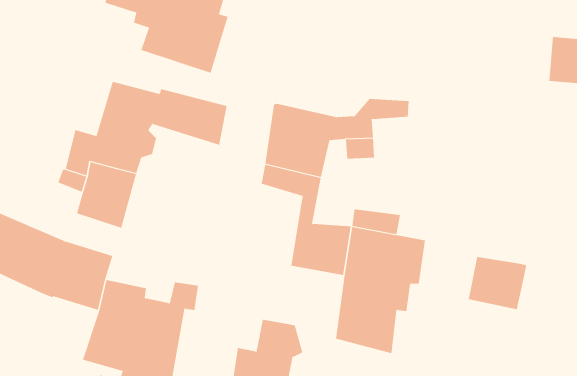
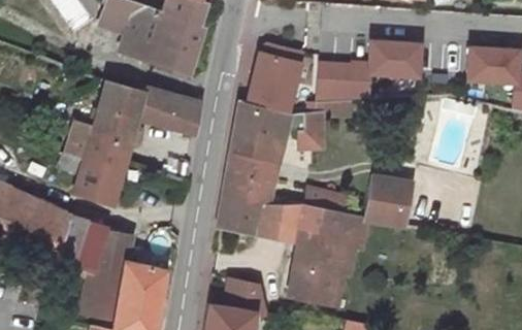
building: none -> [246,40,308,107]
building: none -> [319,40,426,96]
building: none -> [219,166,263,234]
building: [468,257,527,310] -> [364,176,414,221]

